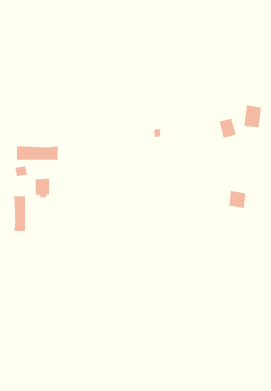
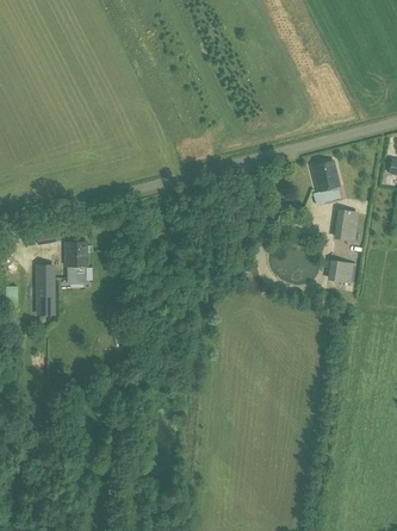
building: [243,105,262,128] -> [334,208,359,239]
building: [16,146,58,161] -> none

